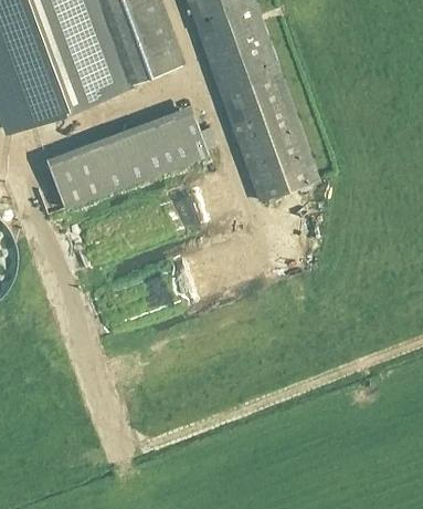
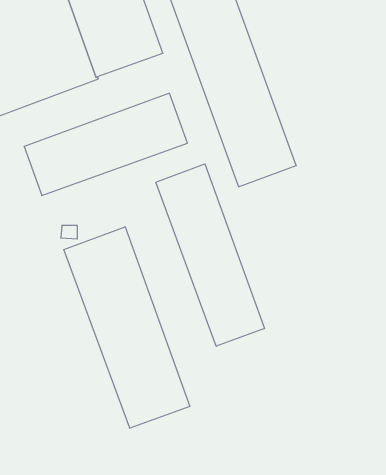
building: none -> [156,164,264,346]
building: none -> [64,227,190,428]

